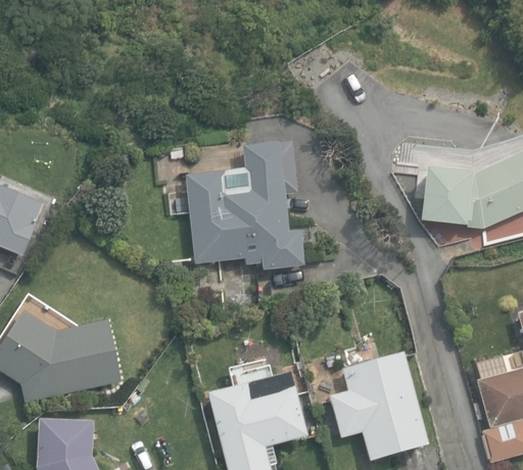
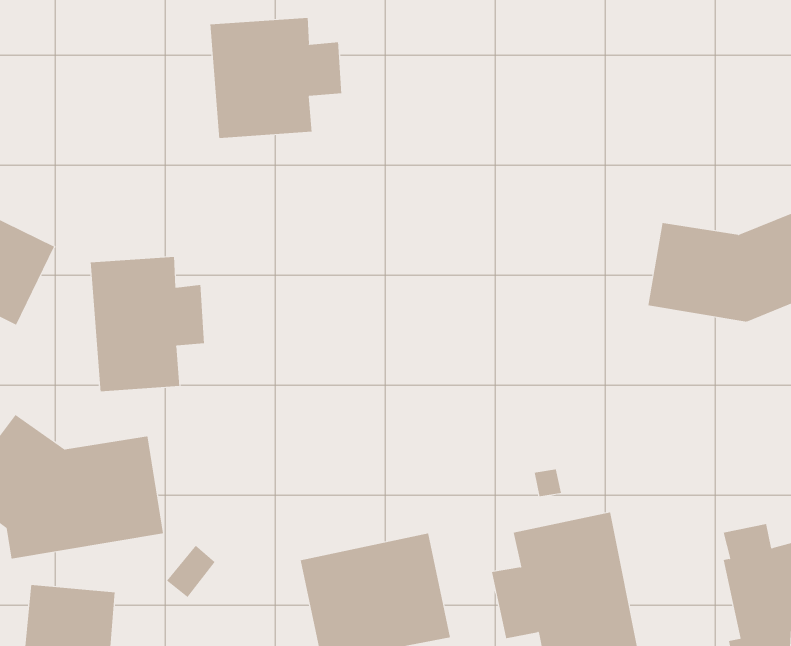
building: none -> [210,17,342,139]
building: [184,143,304,269] -> none
building: none -> [90,256,205,392]

